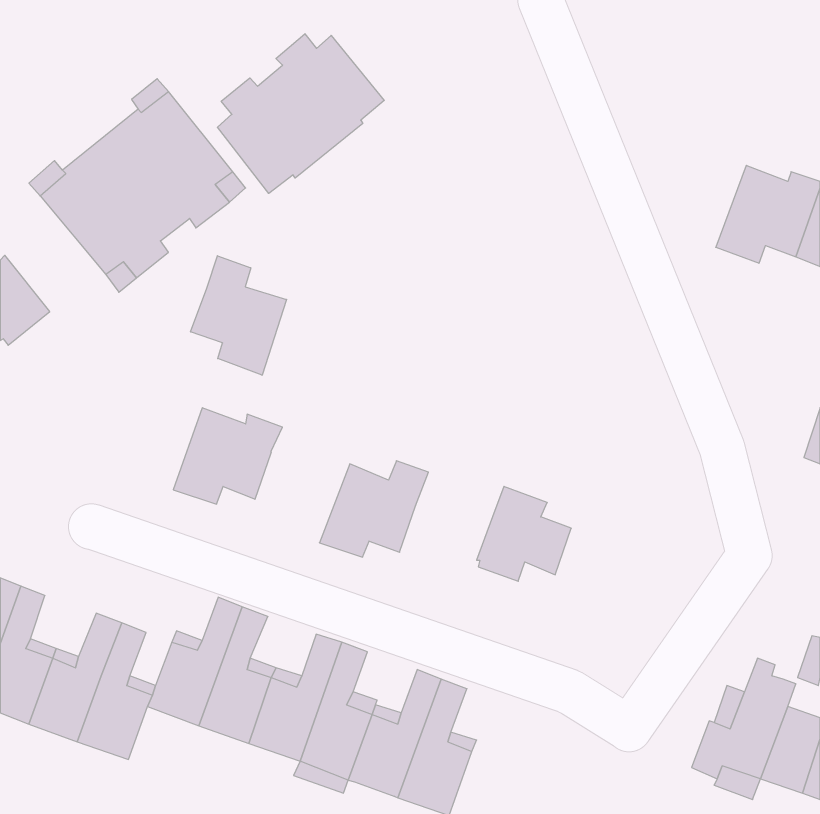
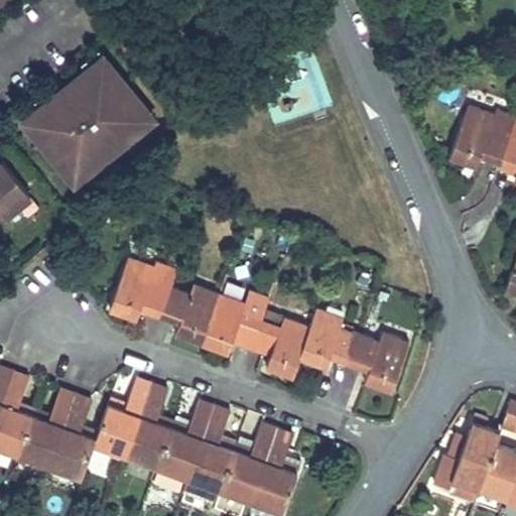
building: [217,34,384,193] -> none
building: [191,256,287,375] -> none
building: none -> [160,286,220,345]
building: none -> [251,318,309,378]
building: none -> [349,334,409,392]

